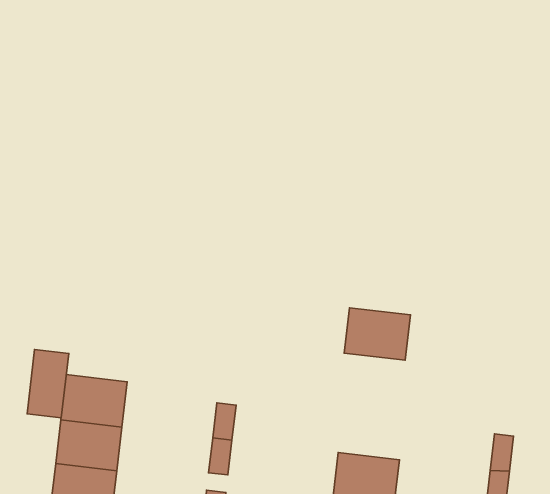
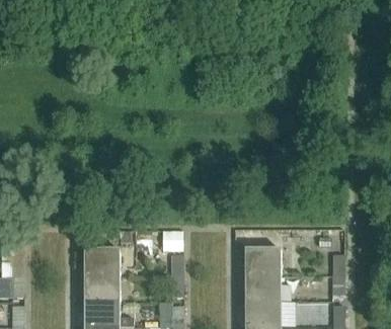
building: [344,308,410,360] -> [245,249,281,275]
building: [27,350,69,418] -> none

